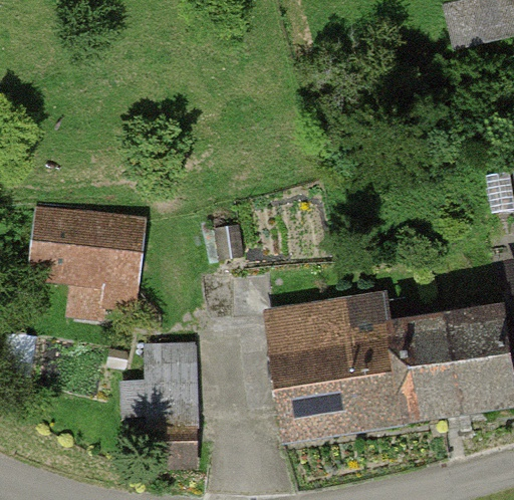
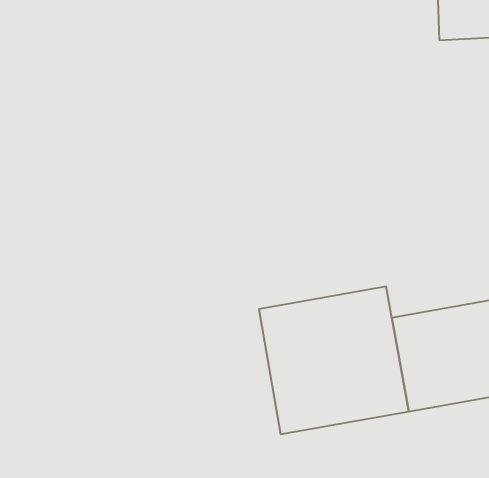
building: [32,213,137,292] -> none
building: [147,335,199,423] -> none

